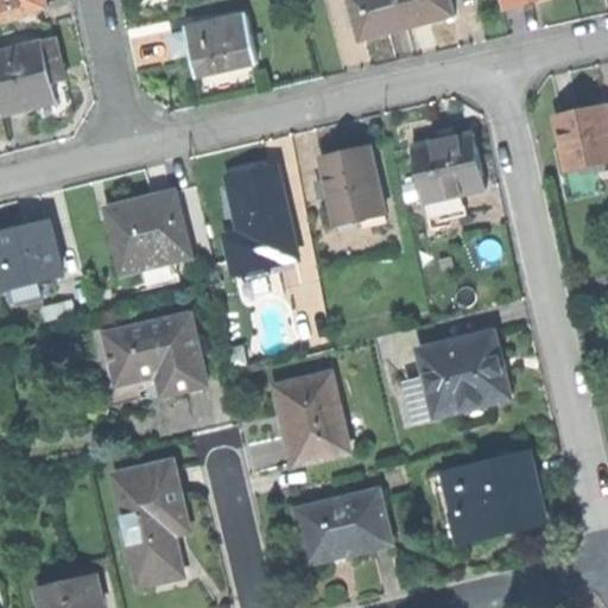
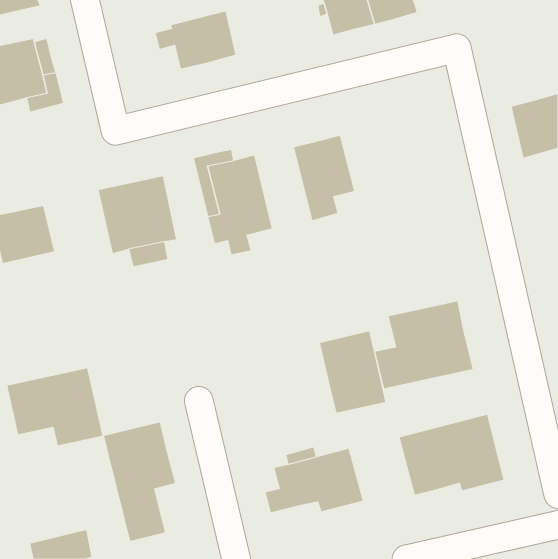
building: [411,133,486,220] -> none
building: [104,316,209,400] -> [7,368,103,446]
building: [277,369,349,458] -> [319,331,386,413]

